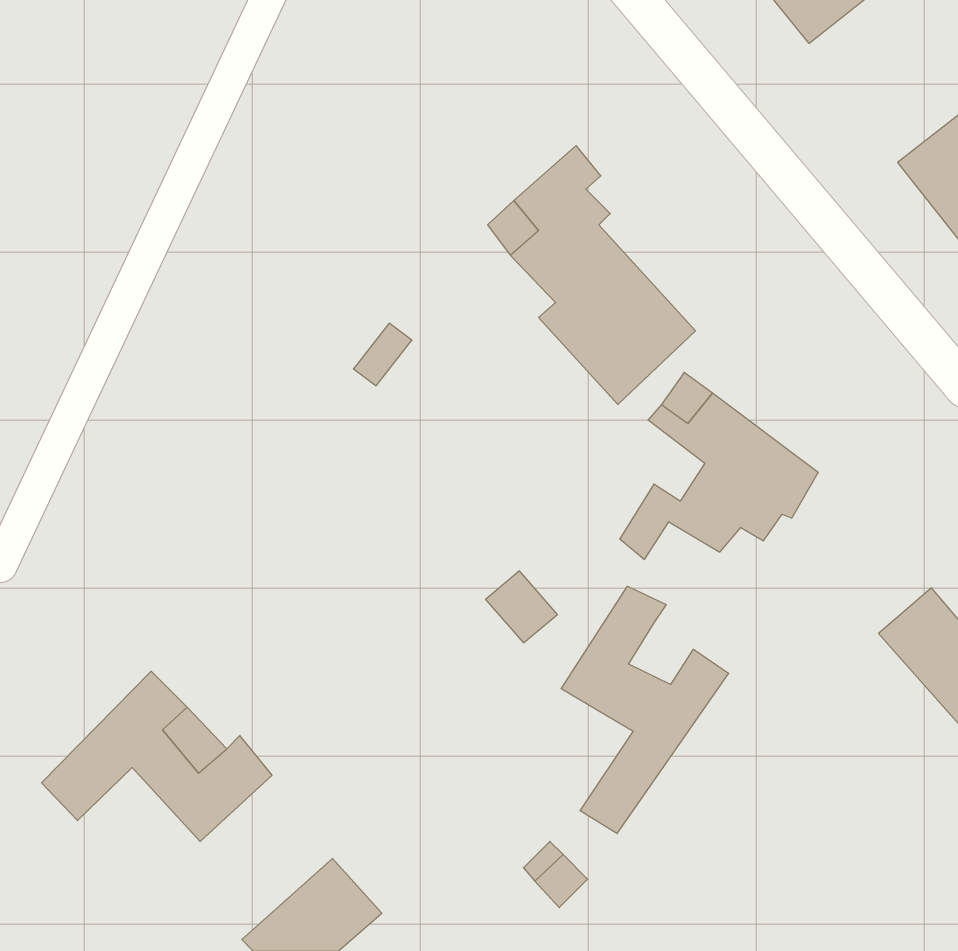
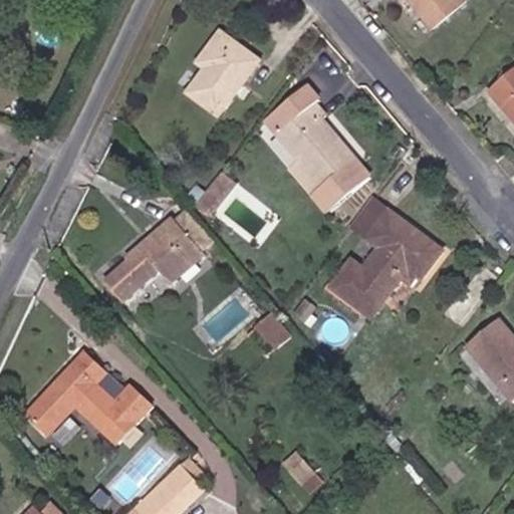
building: none -> [185,35,251,116]
building: none -> [104,221,199,305]
building: none -> [346,277,387,316]
building: [561,586,729,834] -> none

